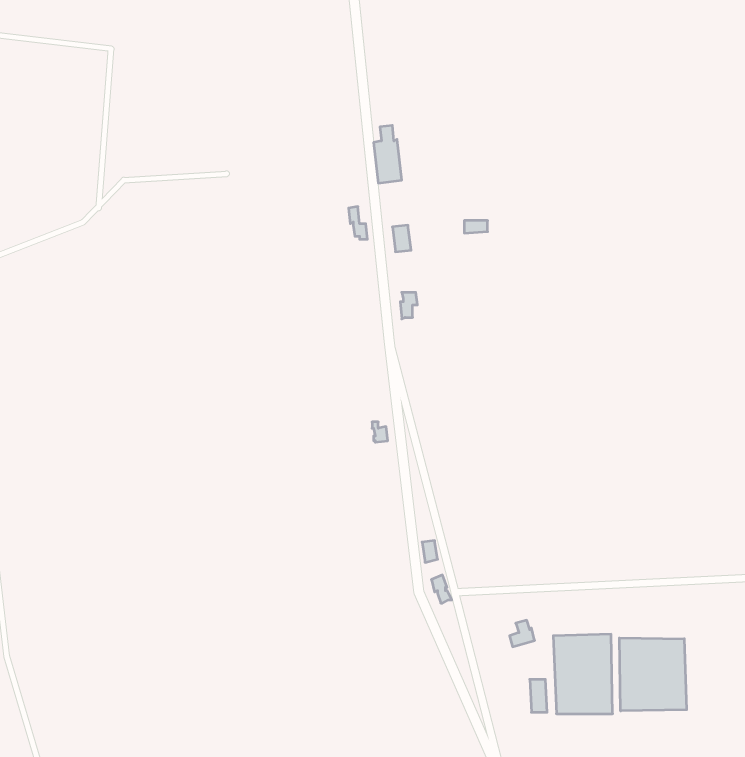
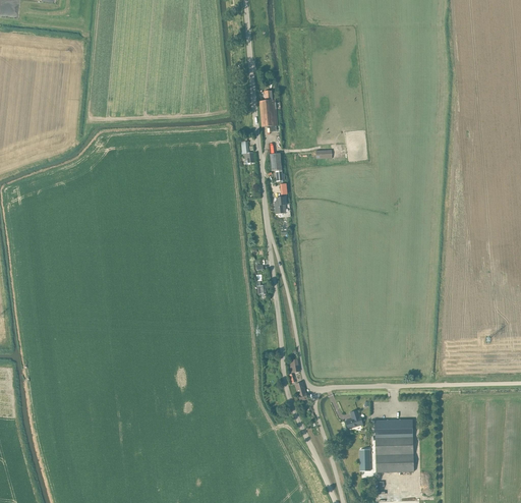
building: [619,638,687,711] -> none

